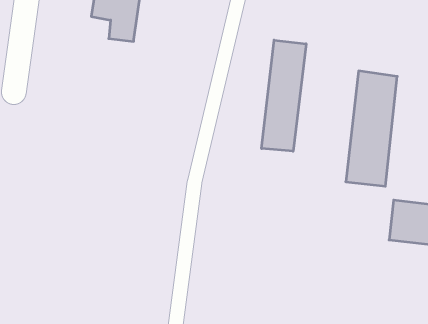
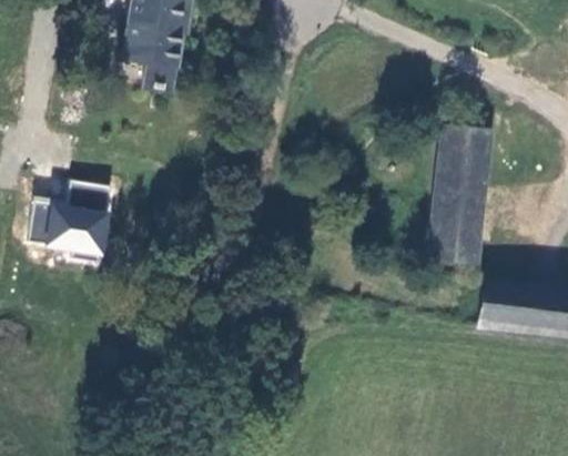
building: [262,40,306,151] -> none
building: none -> [28,179,116,257]

